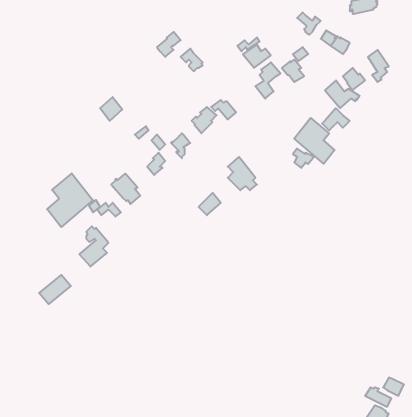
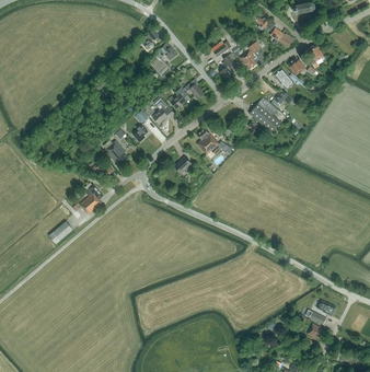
building: [47,173,93,227] -> none

